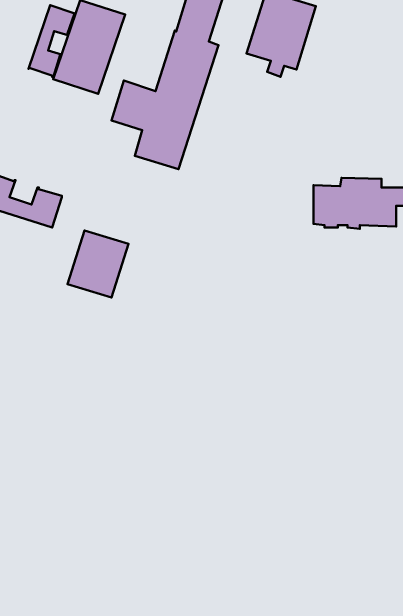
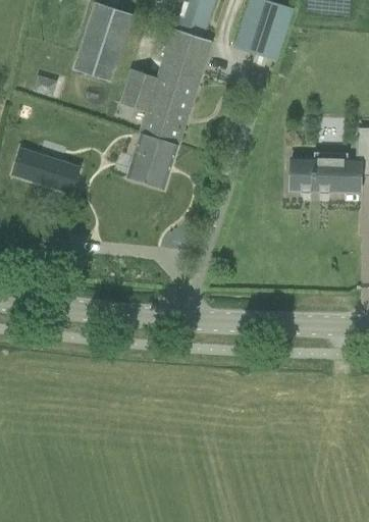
building: [28,5,74,77] -> none
building: [68,231,128,297] -> [126,133,177,189]

